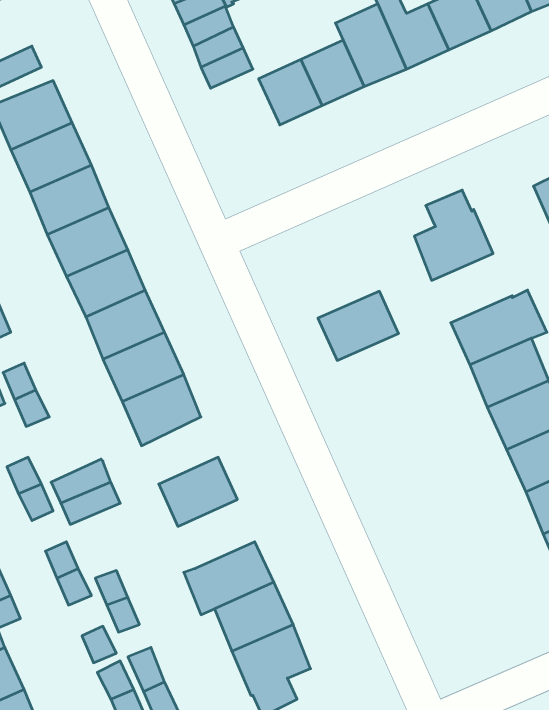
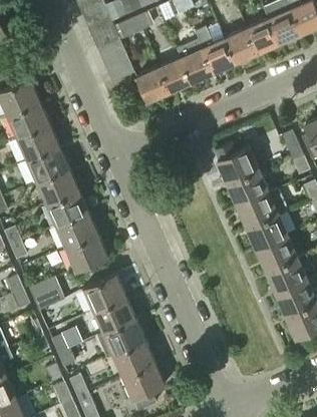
building: [318,291,399,360] -> [228,169,270,205]
building: none -> [95,298,135,334]

